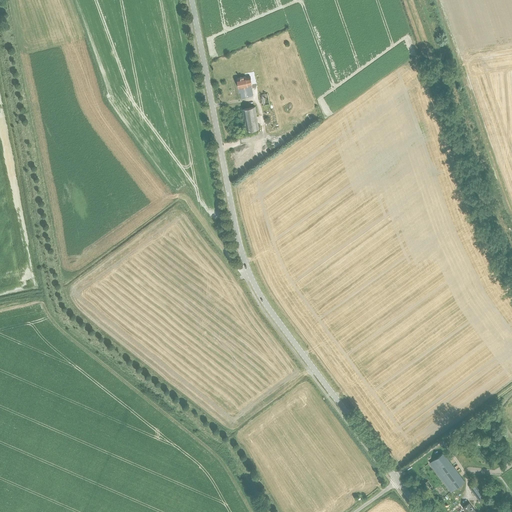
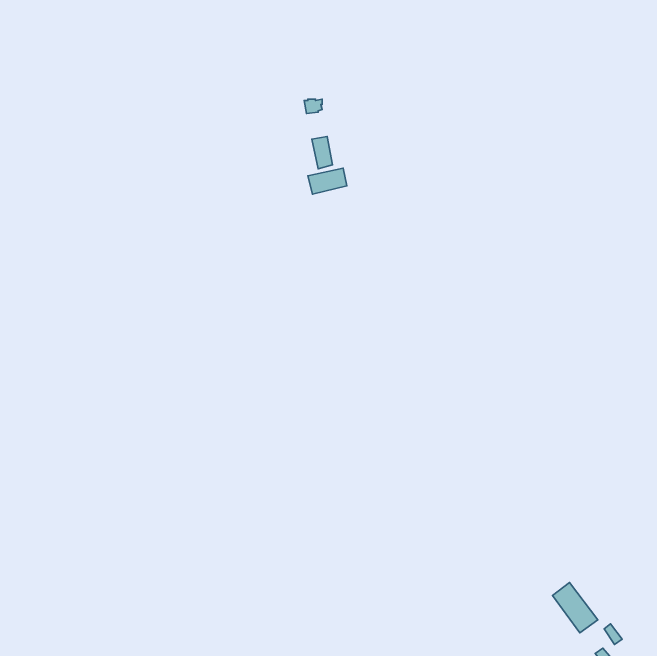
building: none -> [308,168,347,194]

